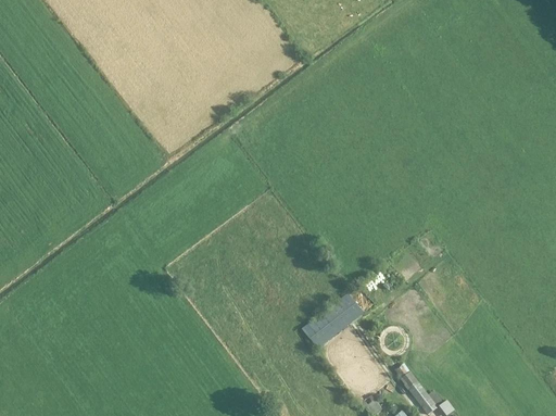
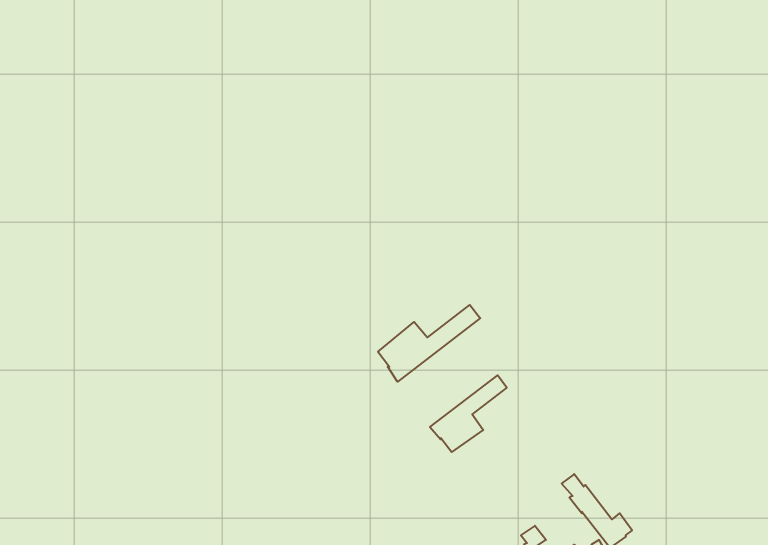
building: none -> [378,305,480,382]

